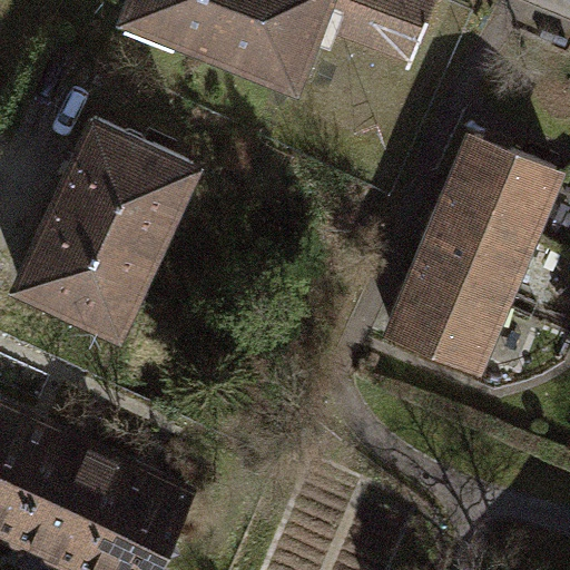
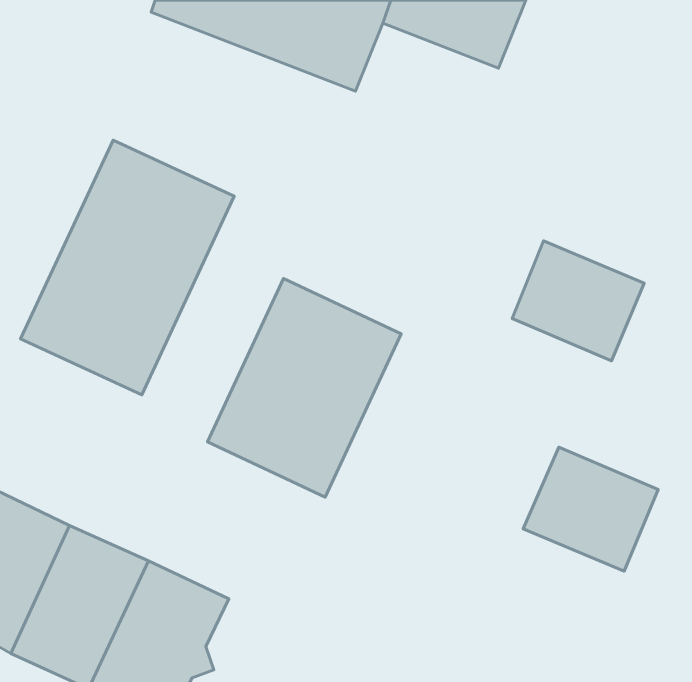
building: [444,142,554,243] -> none
building: none -> [207,278,401,497]
building: [390,272,500,373] -> [523,447,658,571]

